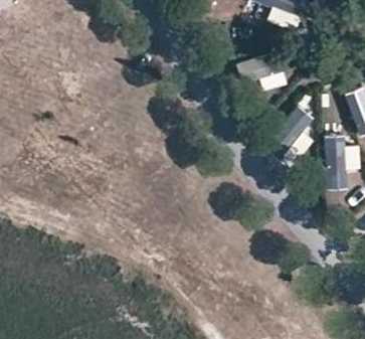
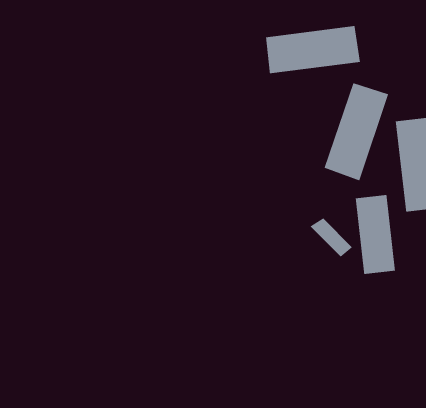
building: none -> [355,194,396,275]

